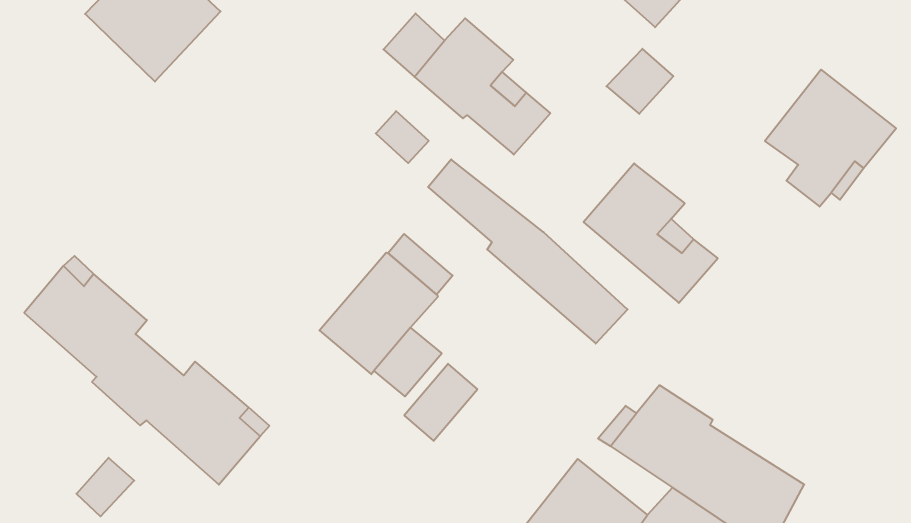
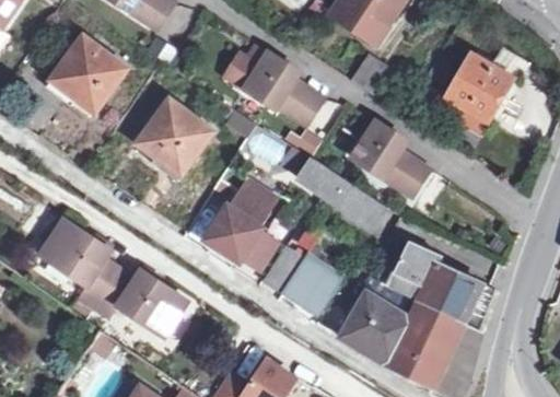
building: none -> [136,97,211,174]
building: none -> [280,255,340,316]

